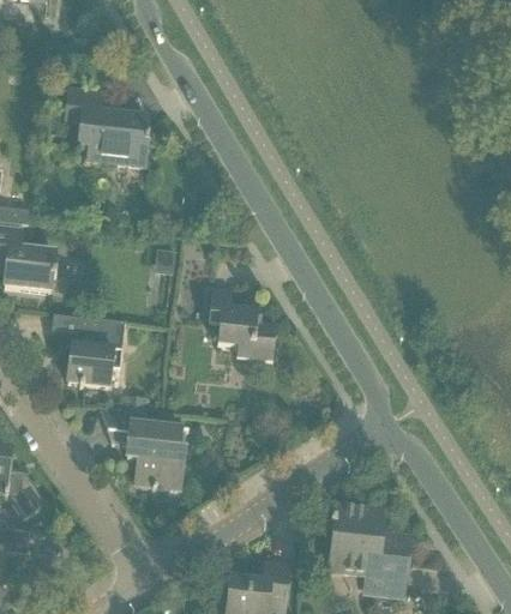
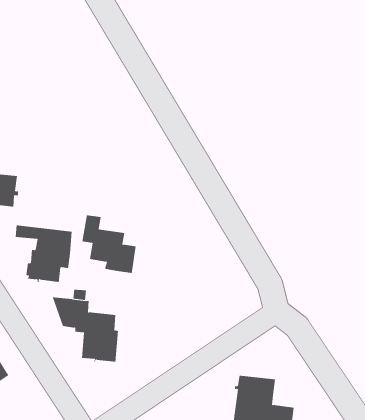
building: [65,90,149,167] -> none
building: [206,290,276,365] -> [82,215,136,274]

